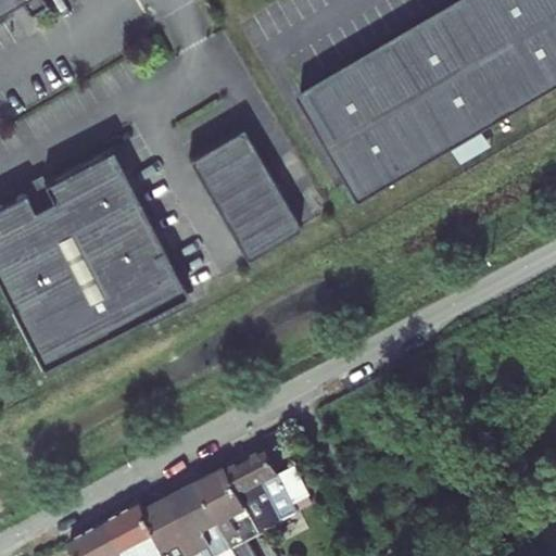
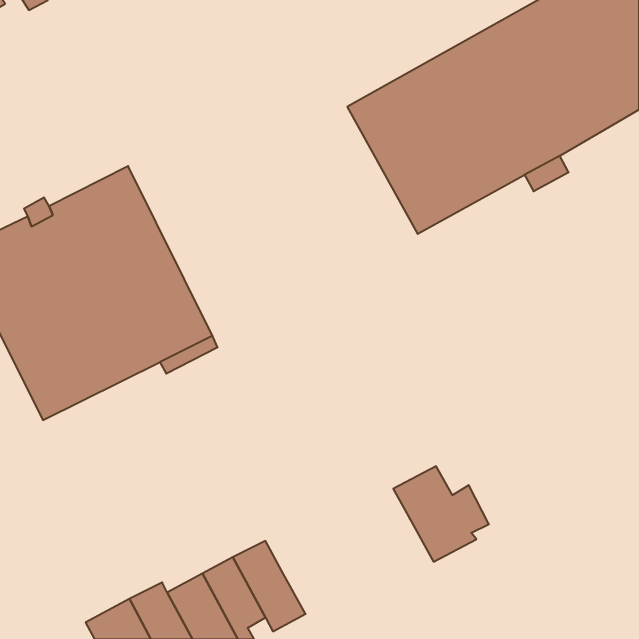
building: [187,125,299,257] -> none
building: [229,447,312,530] -> [393,466,489,562]

